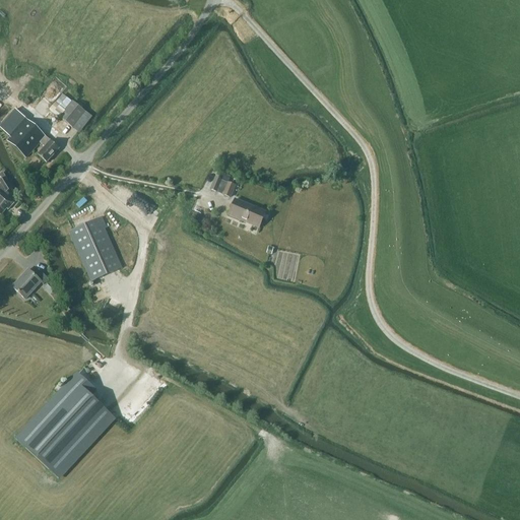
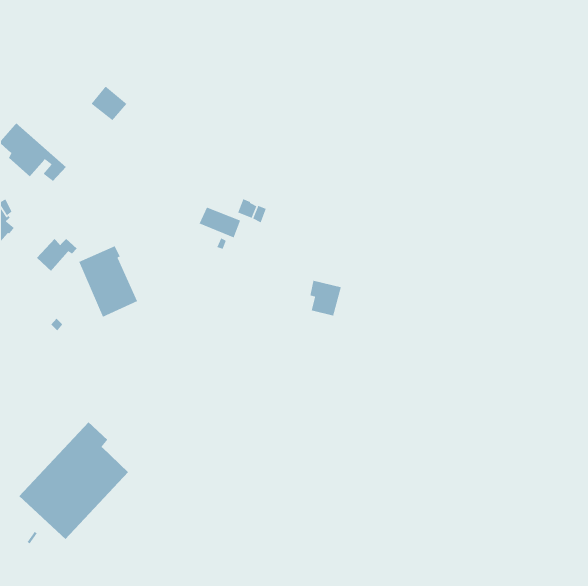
building: [59,100,91,131] -> [91,85,127,121]
building: [228,198,265,226] -> [198,206,241,239]
building: [12,268,49,298] -> [36,238,78,272]

